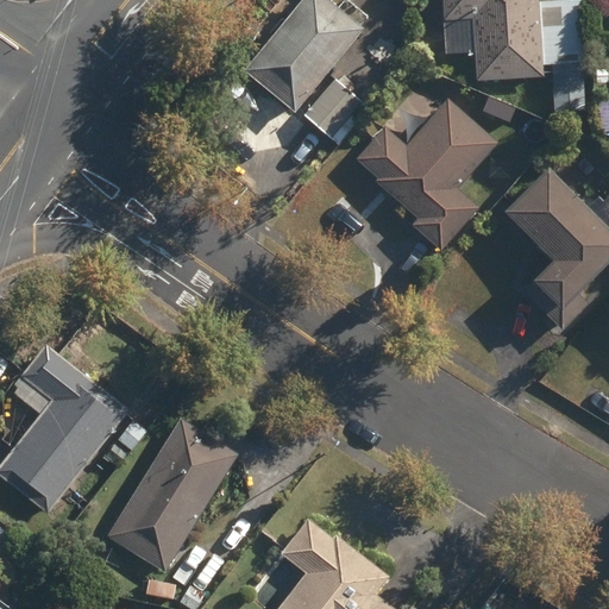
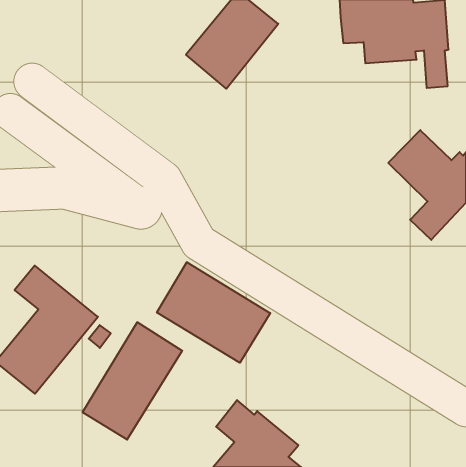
building: [302,81,368,145] -> none
building: [356,99,497,252] -> none
building: none -> [157,262,270,363]

